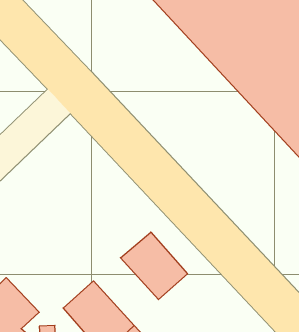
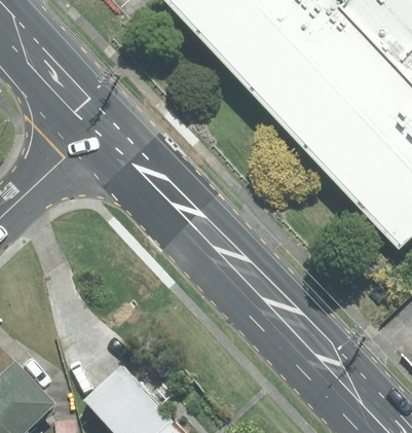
building: [120,232,187,300] -> none

